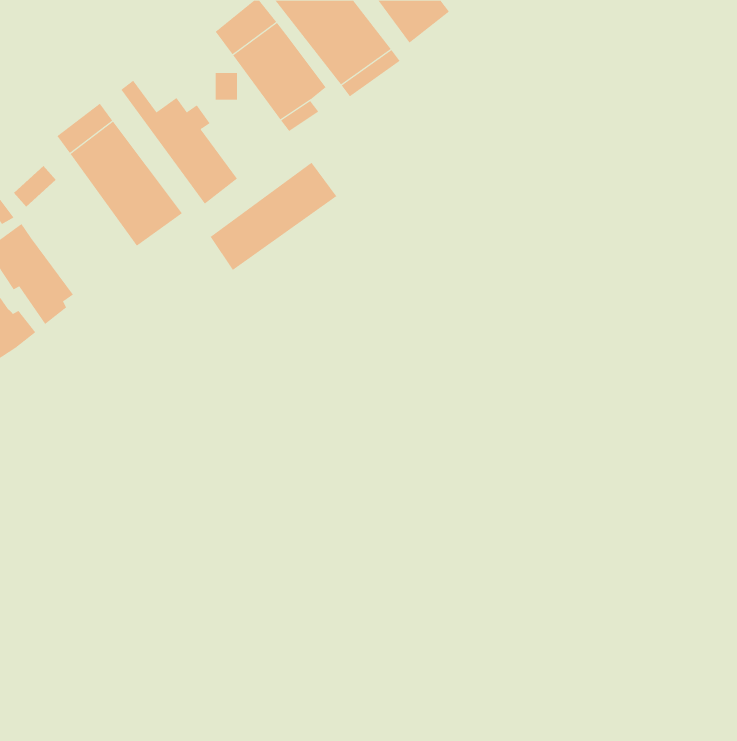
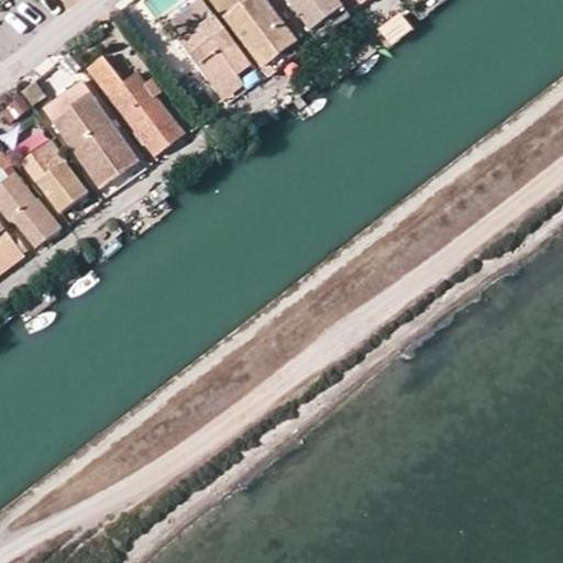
building: [210,162,337,271] -> none
building: none -> [22,137,86,212]

